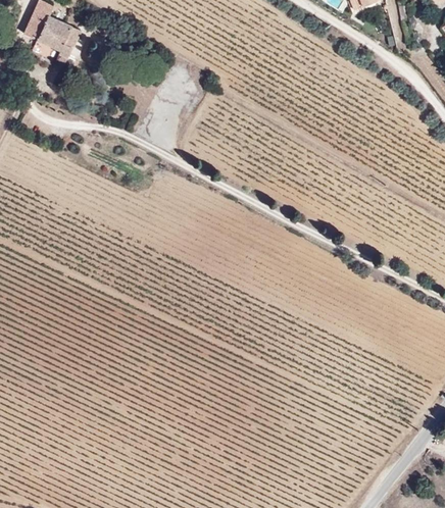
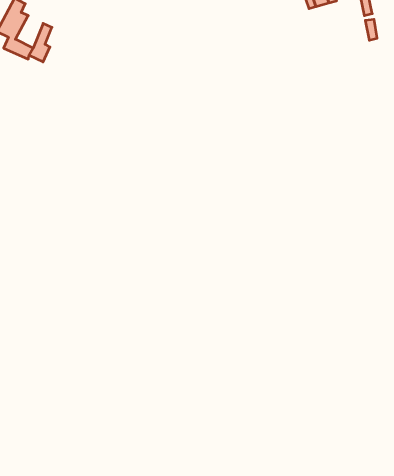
building: [44,20,72,54] -> none

